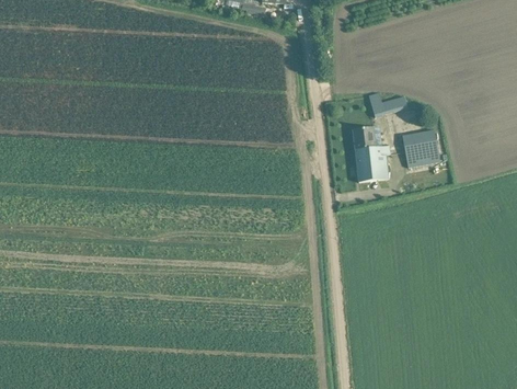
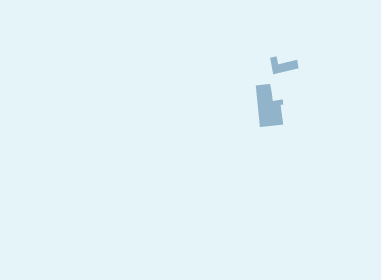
building: [402,128,439,167] -> none

